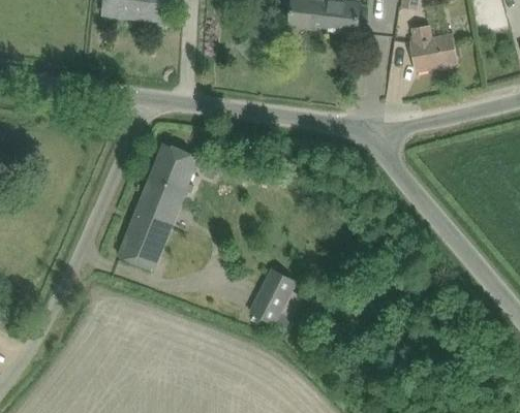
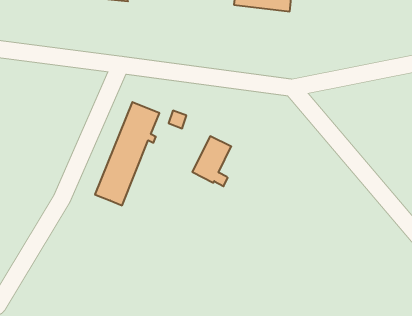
building: [410,25,458,71] -> none
building: [249,268,297,329] -> [192,136,231,186]

